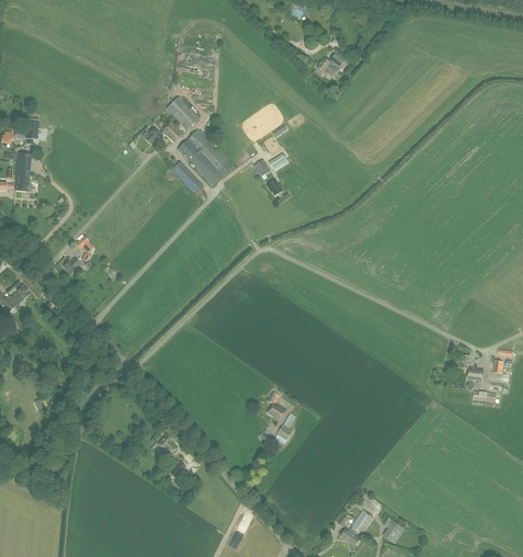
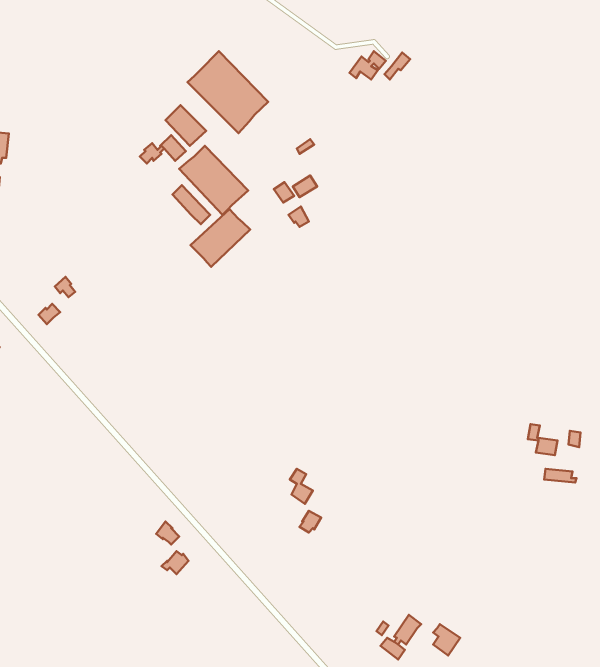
building: none -> [187,51,268,133]
building: none -> [191,209,250,267]

